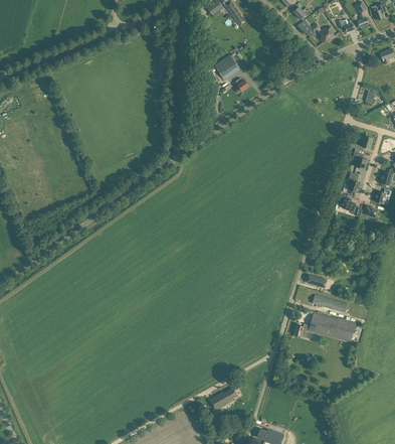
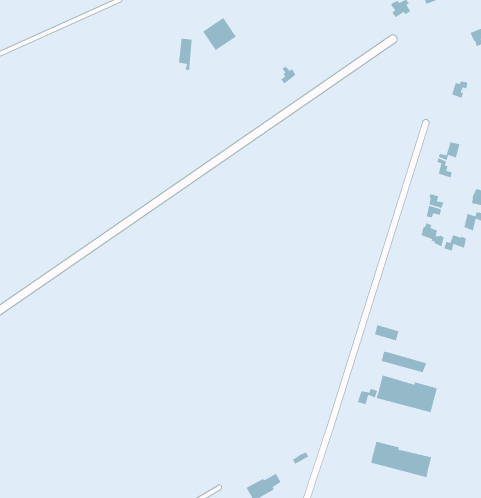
building: [214,53,240,80] -> [202,17,237,51]
building: none -> [370,441,432,478]

